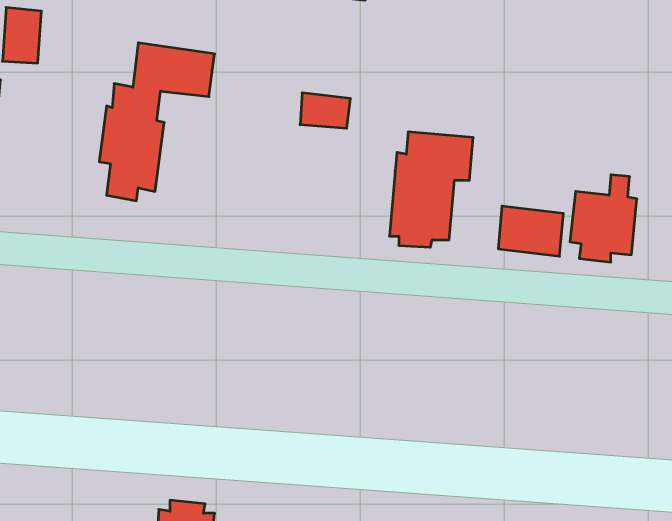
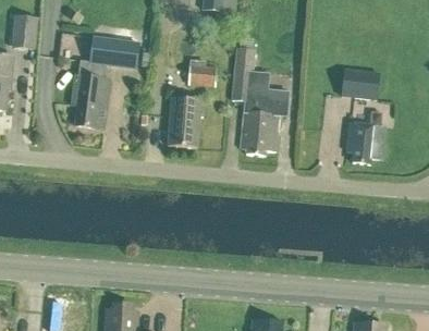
building: none -> [232,47,256,100]
building: none -> [168,98,204,147]
building: [498,206,563,256] -> [342,69,380,98]

